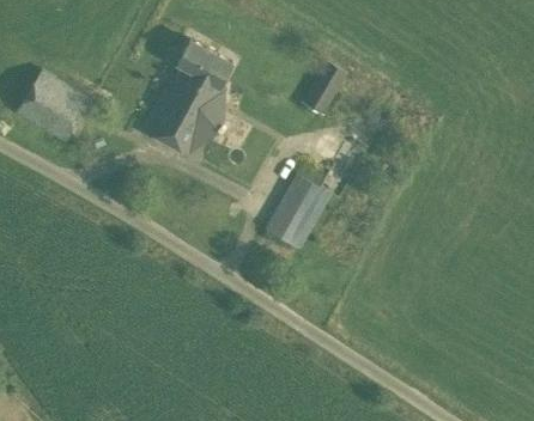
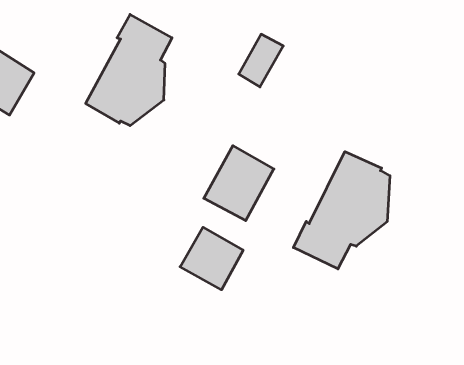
building: none -> [293,152,390,269]
building: none -> [180,227,243,290]

